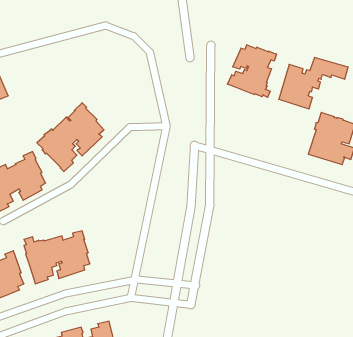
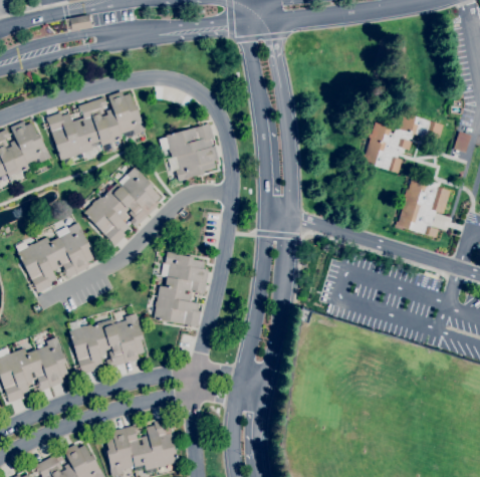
building: none -> [45,90,145,160]
building: [227,45,277,97] -> none
building: none -> [159,123,218,181]
building: none -> [152,251,208,326]

